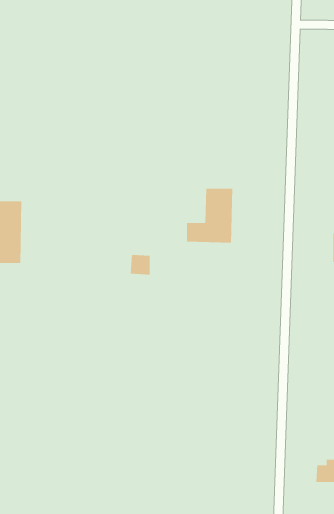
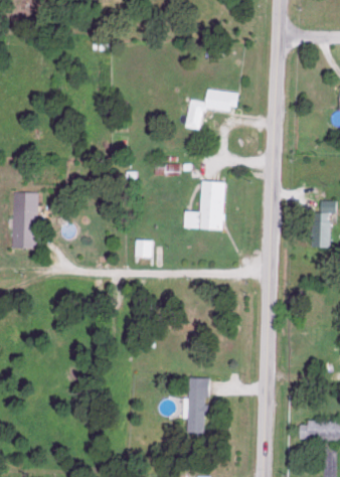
building: none -> [185,90,235,130]
building: none -> [187,378,210,434]

